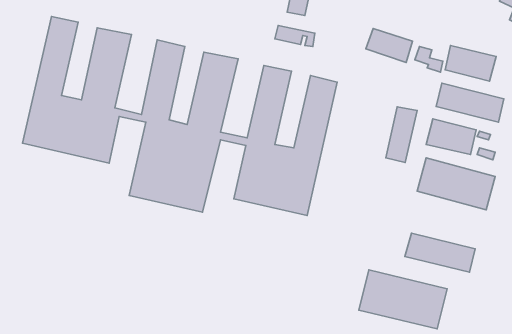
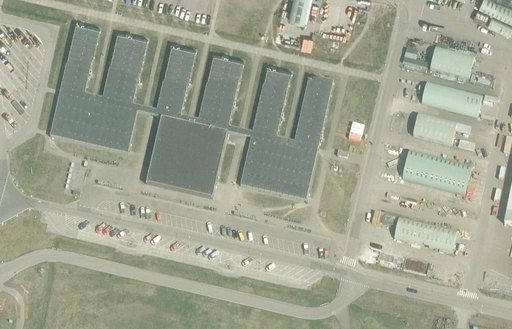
building: [366,28,412,62] -> none
building: [386,107,417,163] -> none
building: [359,270,447,329] -> none

